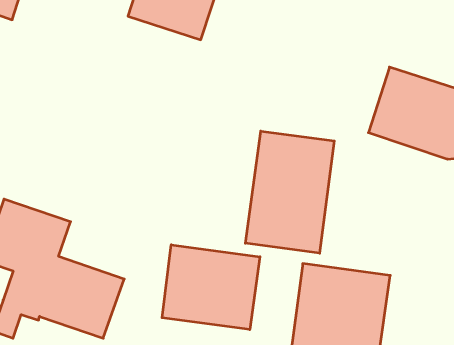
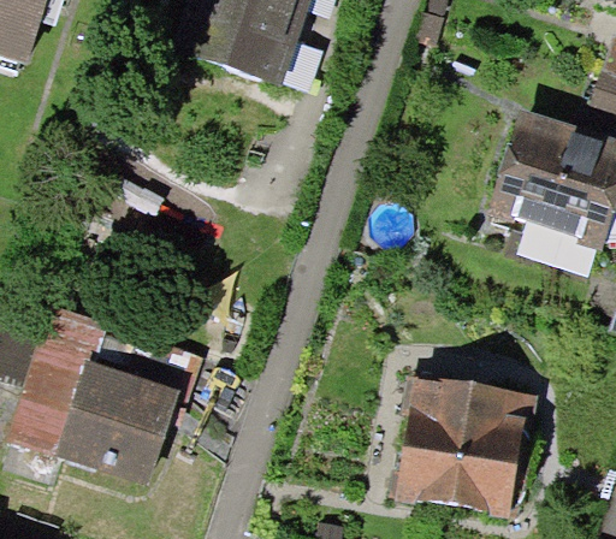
building: [245,131,334,253] -> none
building: [162,245,260,330] -> none

